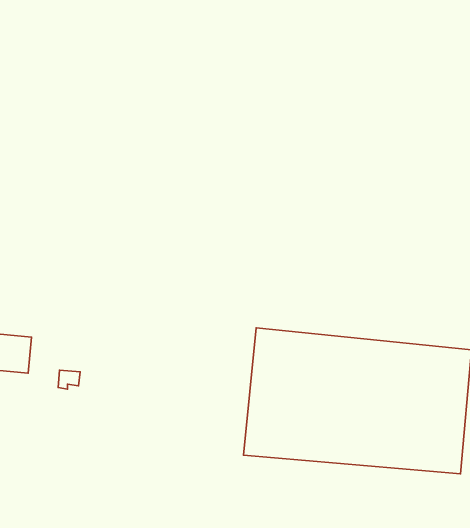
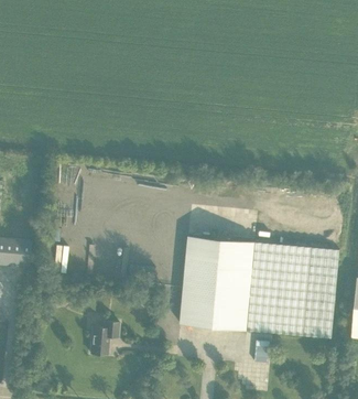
building: none -> [89,323,119,356]

